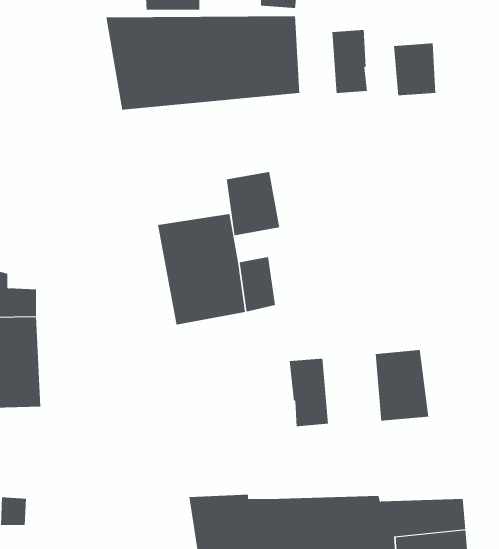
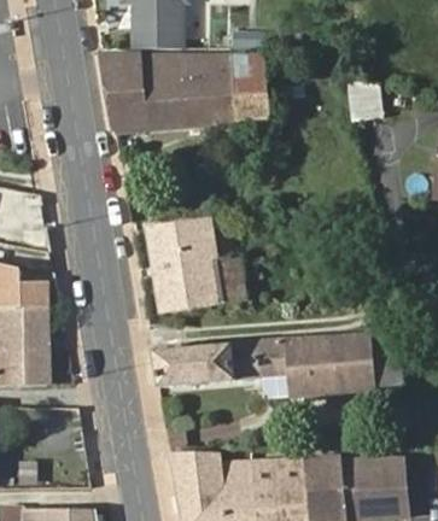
building: [332,29,367,94] -> none
building: [226,171,280,236] -> none
building: none -> [286,336,334,397]
building: none -> [154,343,261,386]

